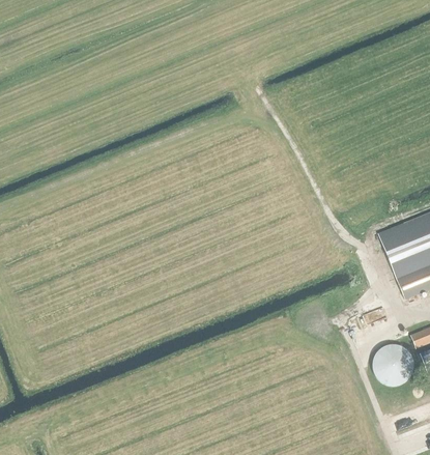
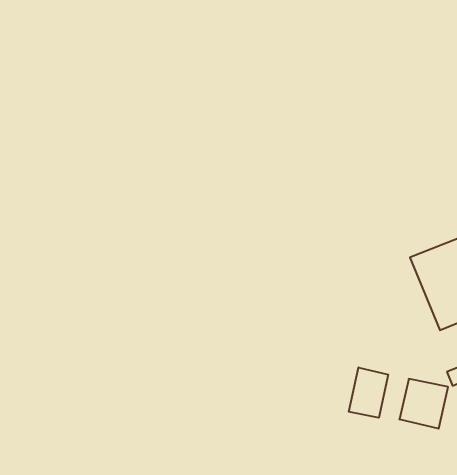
building: none -> [349,367,388,418]

